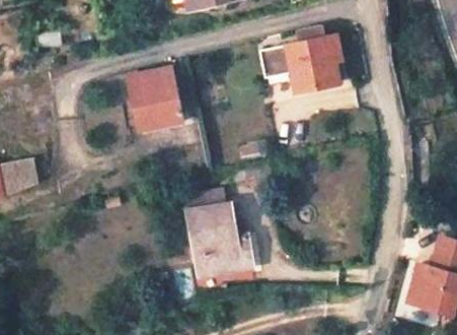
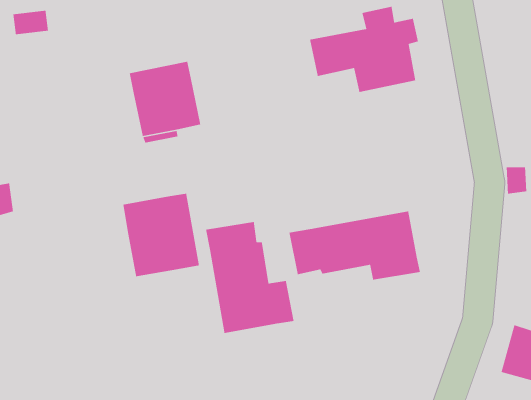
building: none -> [122,193,200,277]
building: none -> [288,210,421,281]

